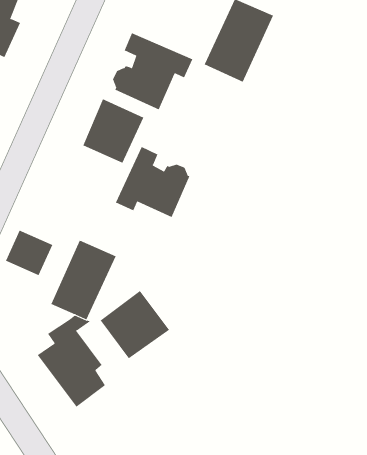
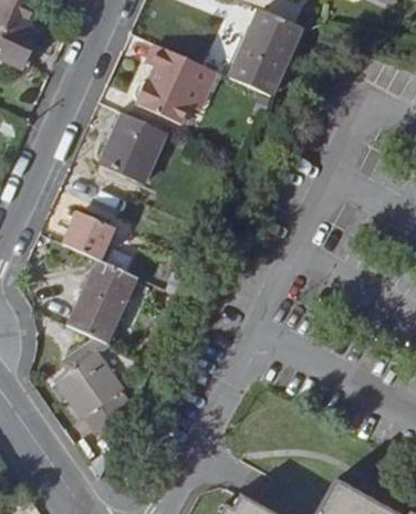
building: [115,146,190,218] -> none
building: [5,230,53,276] -> [64,211,114,259]
building: [100,290,170,359] -> none

